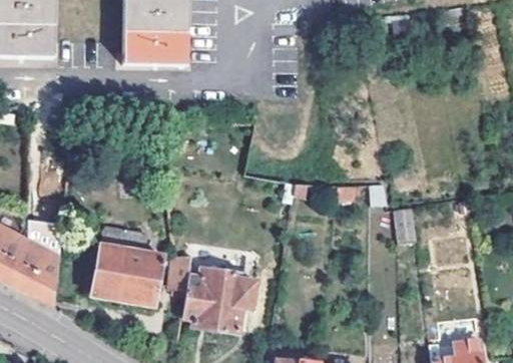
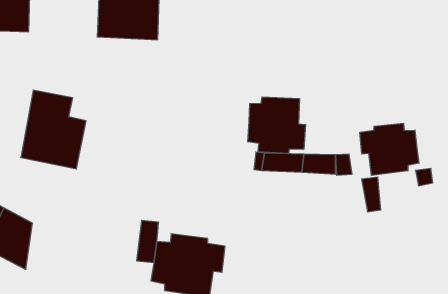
building: none -> [248,97,306,154]
building: none -> [360,123,419,175]
building: [88,223,156,305] -> [21,90,86,169]

